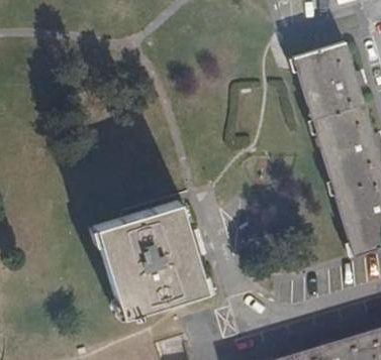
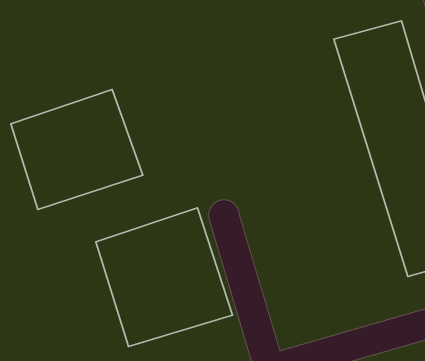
building: none -> [11,89,143,209]

